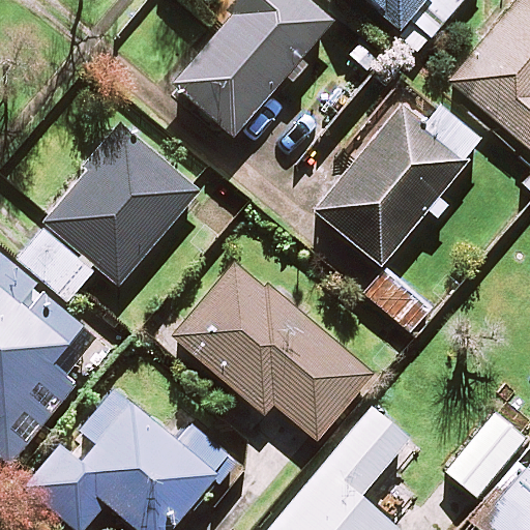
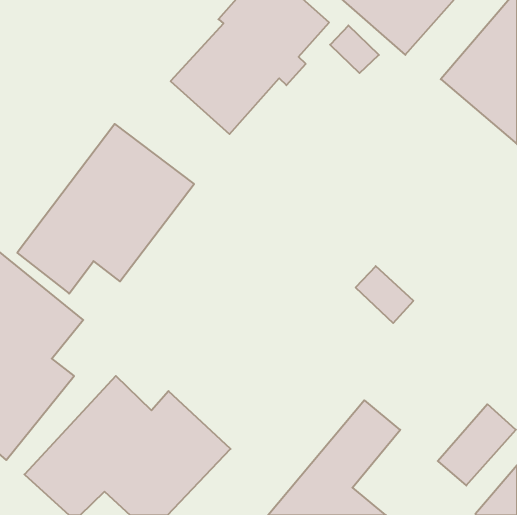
building: [313,87,477,265] -> none
building: [174,263,372,439] -> none

